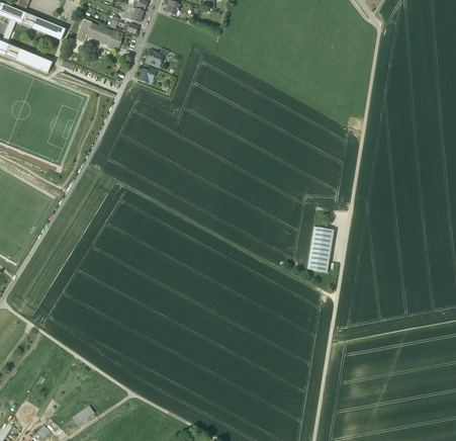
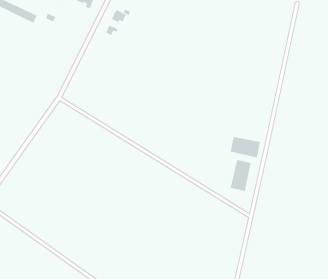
building: none -> [230,136,261,158]

